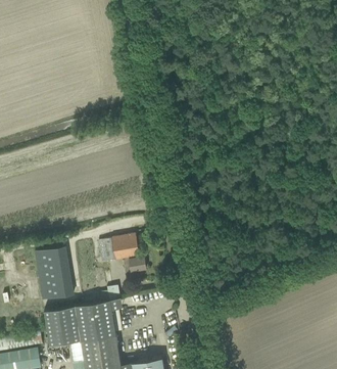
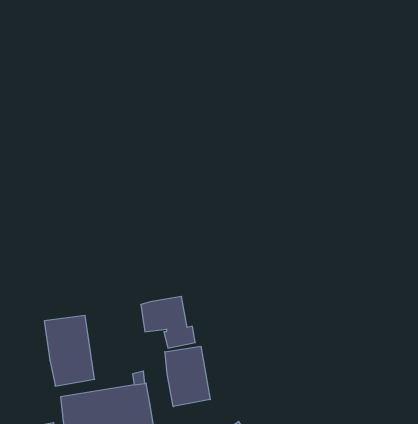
building: none -> [165,346,210,407]

